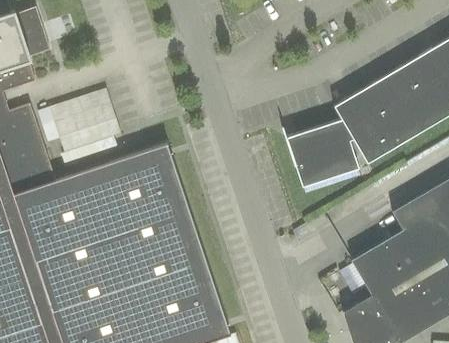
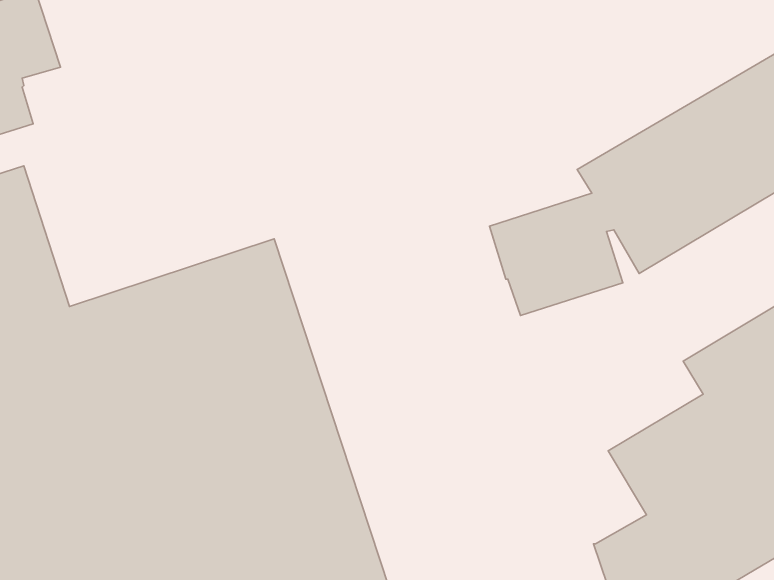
building: [49,91,122,155] -> none

